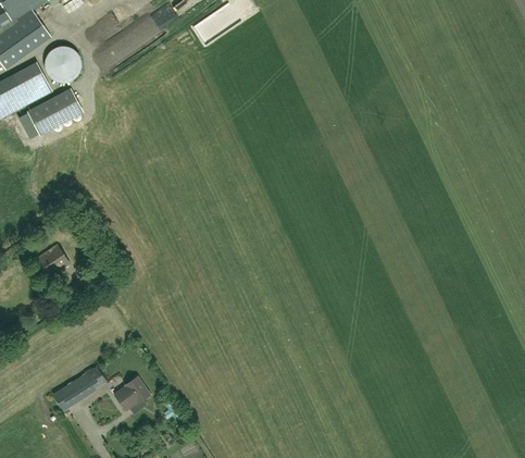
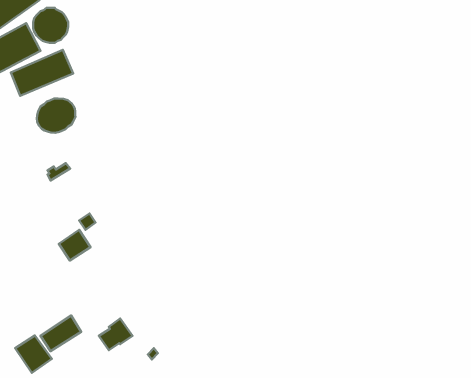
building: none -> [37,98,76,133]
building: [34,245,67,277] -> [59,230,90,260]
building: none -> [15,335,52,373]

